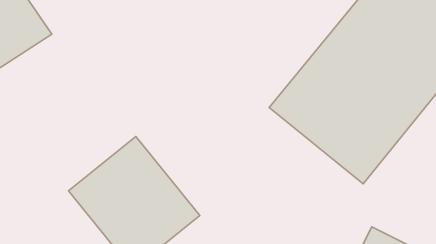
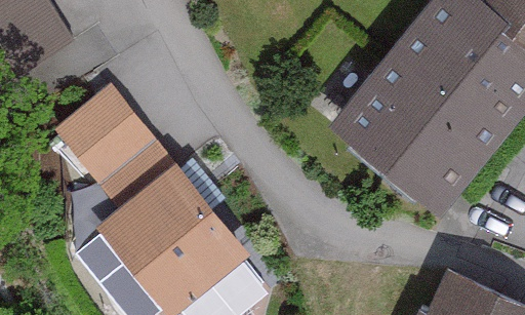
building: none -> [54,89,154,188]

